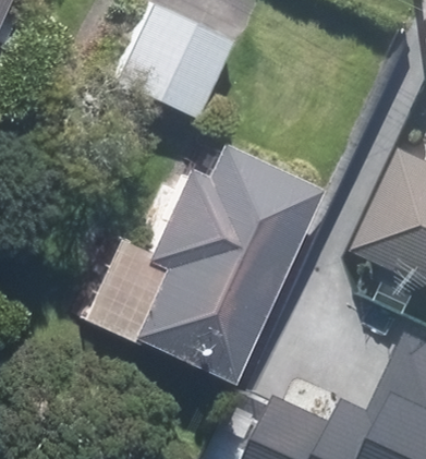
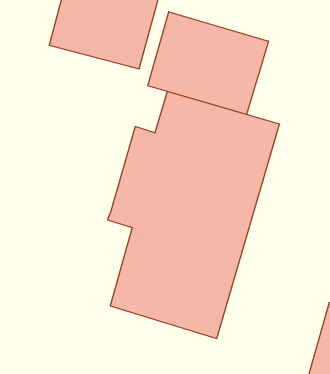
building: none -> [148,12,269,114]

